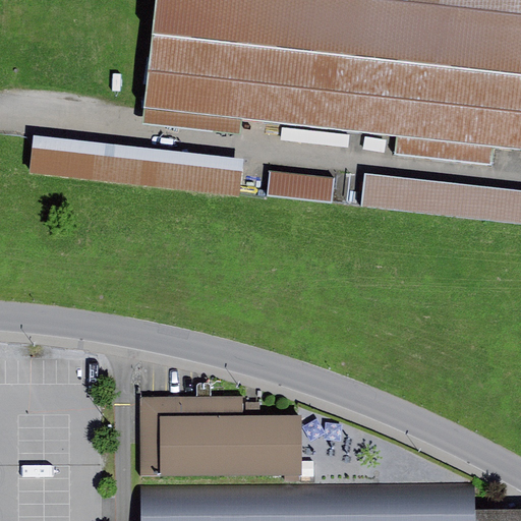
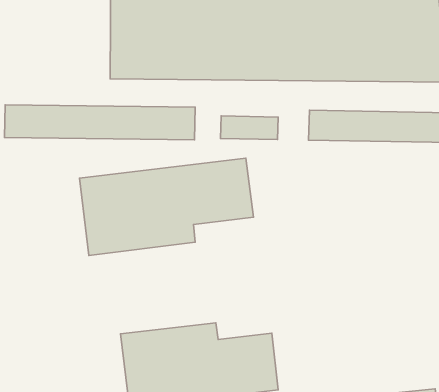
building: none -> [79,158,253,256]

